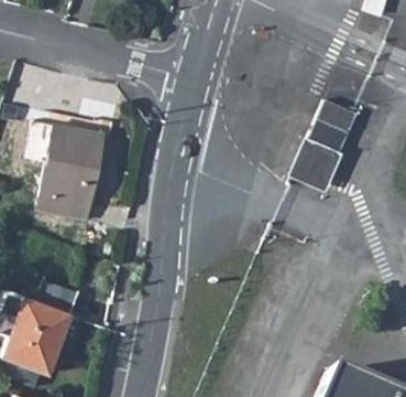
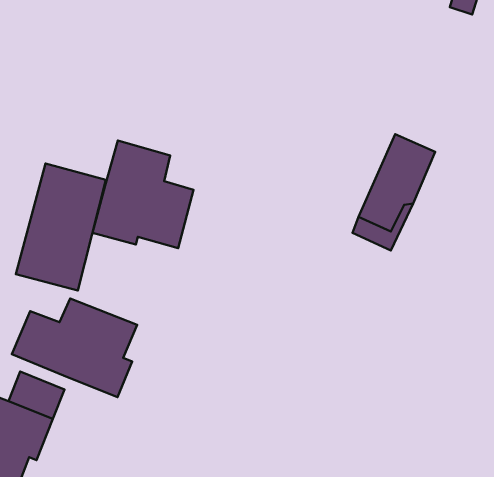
building: none -> [92,141,193,248]
building: none -> [12,298,137,397]

